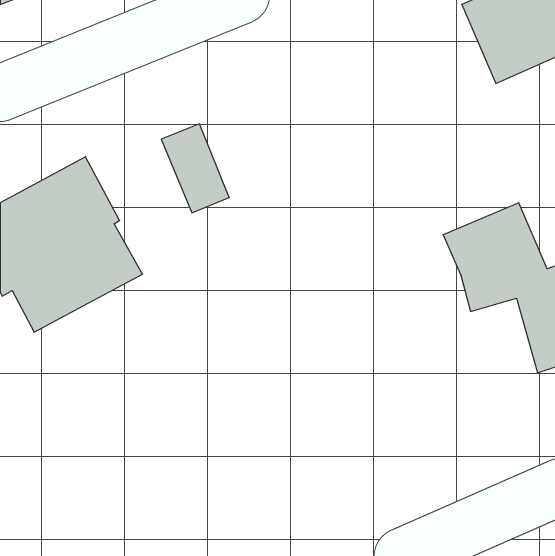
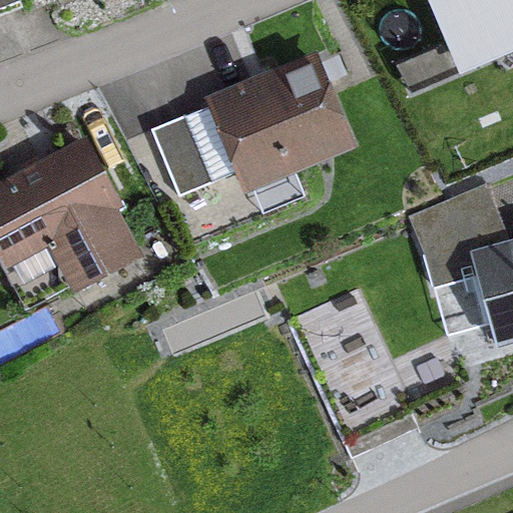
building: none -> [215,60,348,171]

